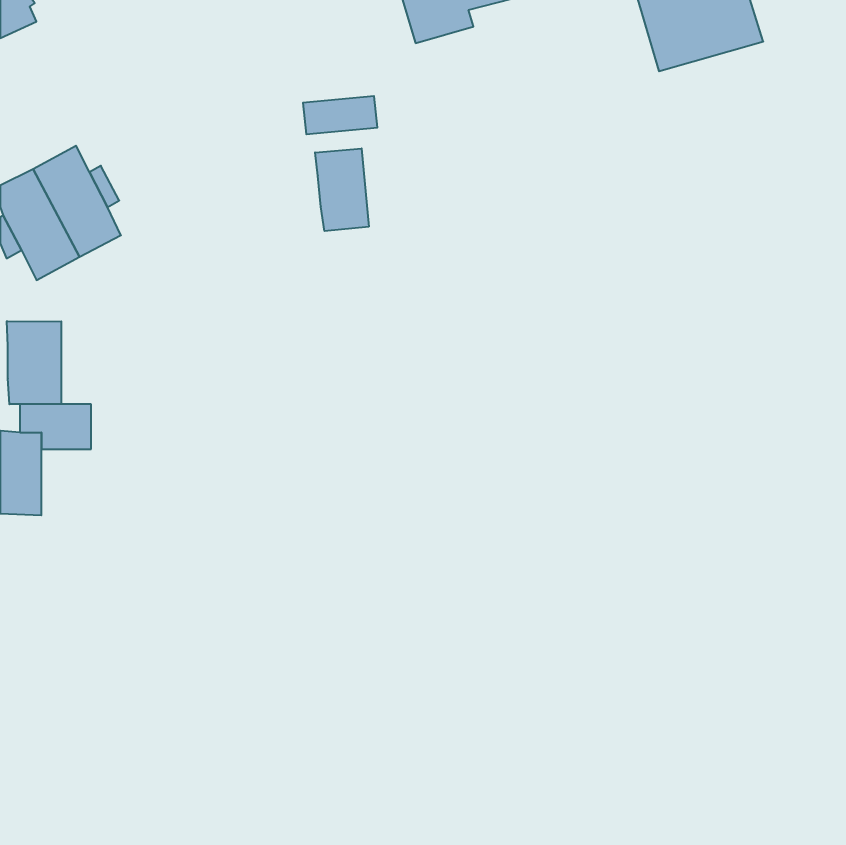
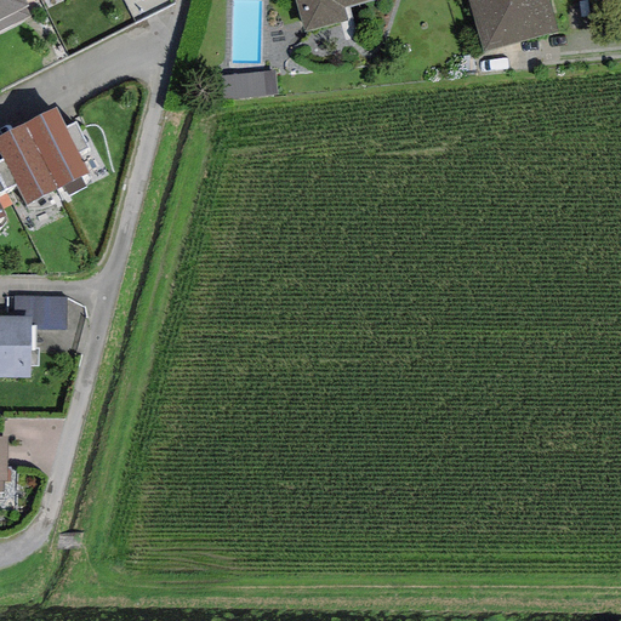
building: [315,148,369,231] -> none
building: [7,321,61,404] -> none

